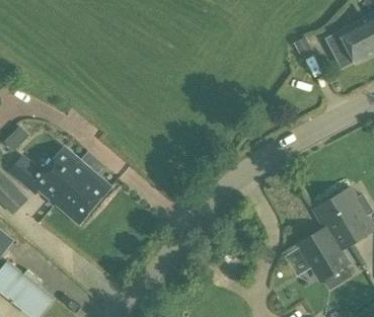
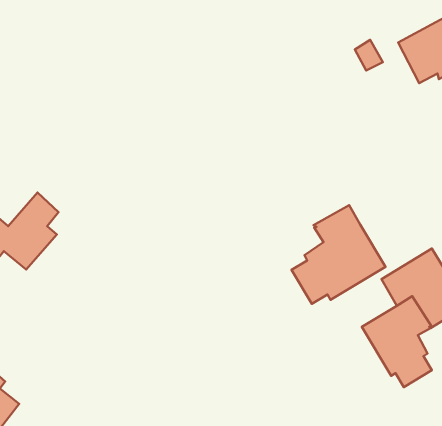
building: none -> [292,205,385,304]
building: [56,161,110,224] -> none

